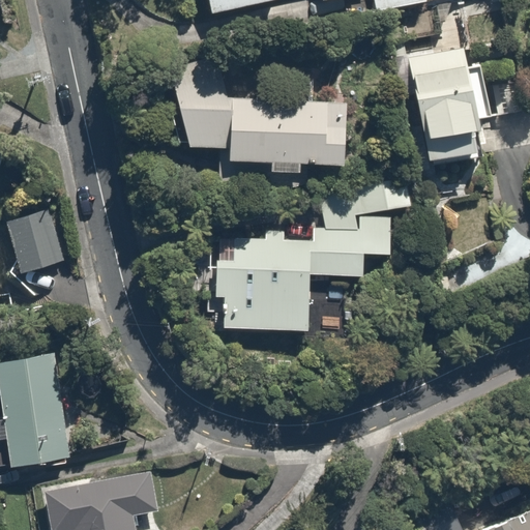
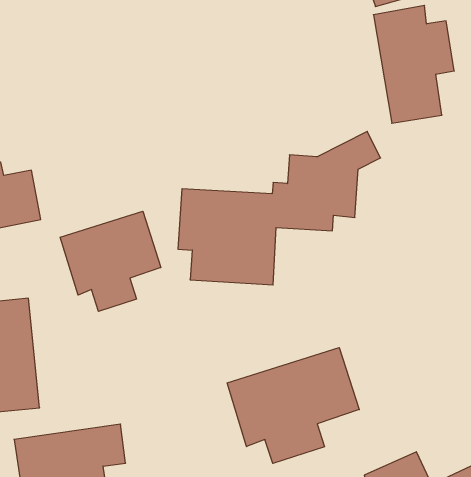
building: [165,64,347,177] -> none
building: none -> [60,211,161,311]
building: none -> [227,348,359,463]

